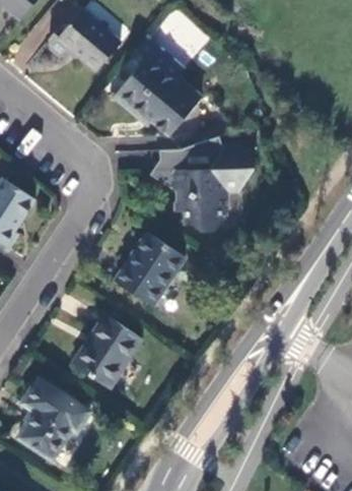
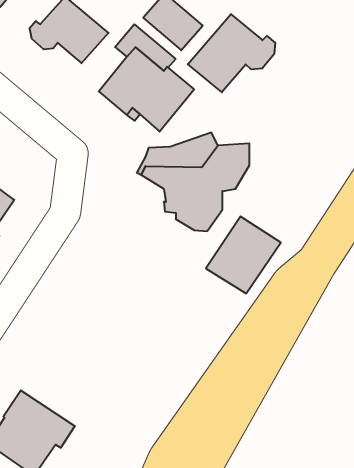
building: none -> [188,14,275,92]
building: [116,233,186,305] -> [206,216,281,293]
building: [72,314,143,389] -> none

